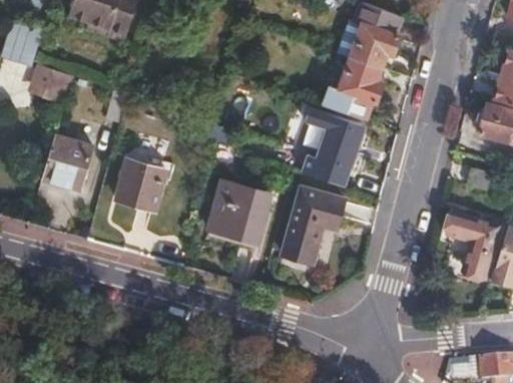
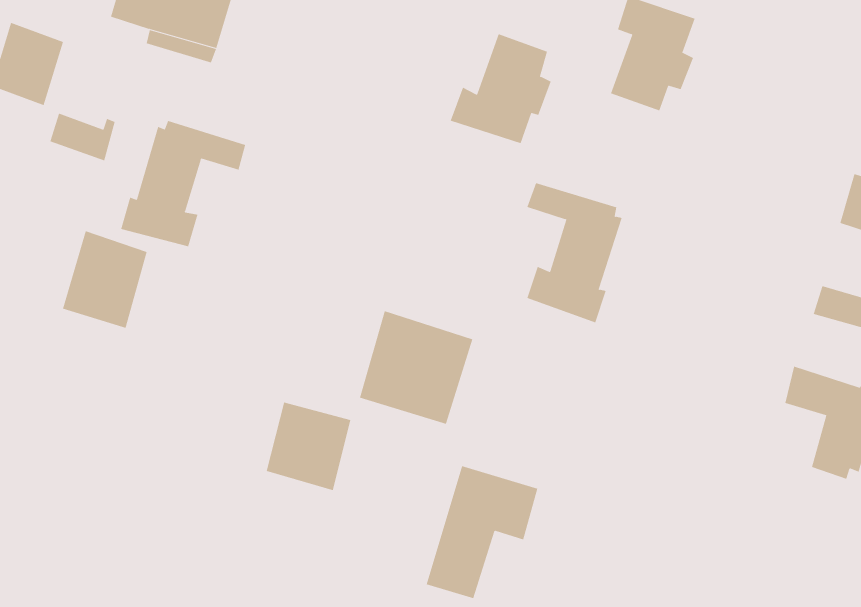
building: [324,58,381,120] -> [450,34,551,144]
building: none -> [120,120,246,247]
building: [117,161,165,212] -> [266,402,351,491]
building: [285,190,348,266] -> [426,465,538,599]

